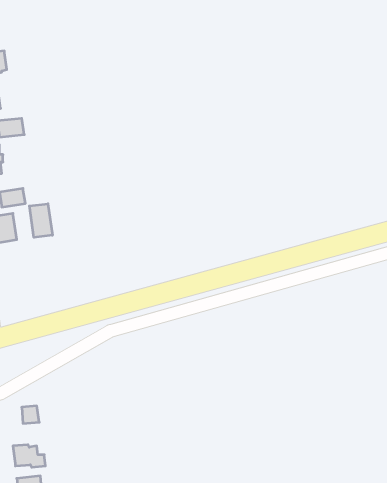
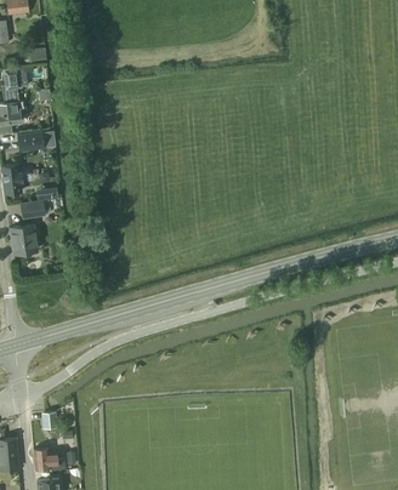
building: [29,204,52,237] -> none

